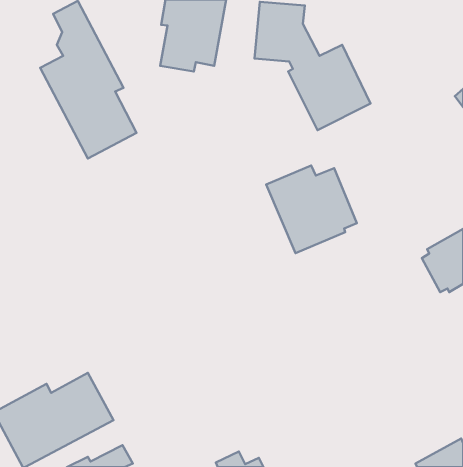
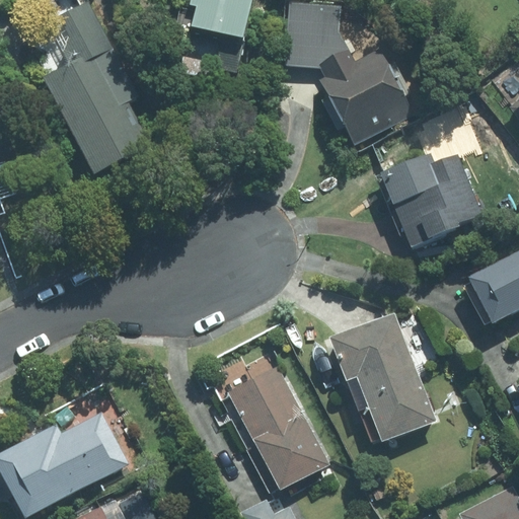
building: [266,165,357,253] -> [380,151,480,248]
building: none -> [329,312,434,442]
building: none -> [226,368,328,494]

